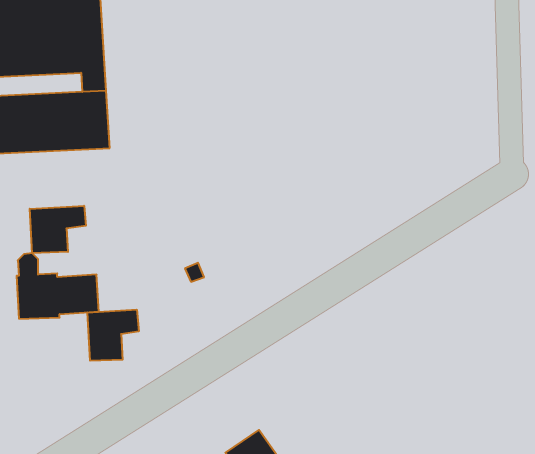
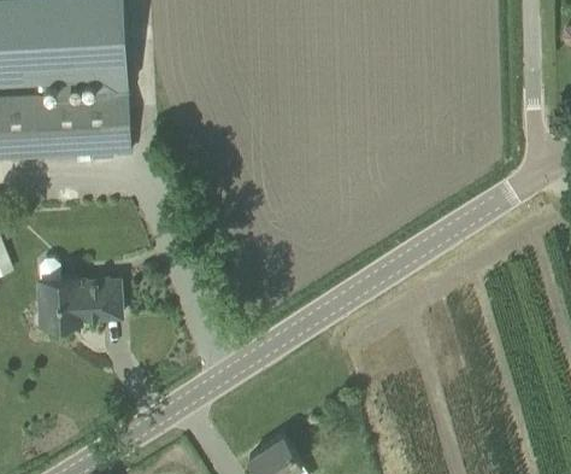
building: [30,206,86,253] -> none
building: [88,310,139,361] -> none

